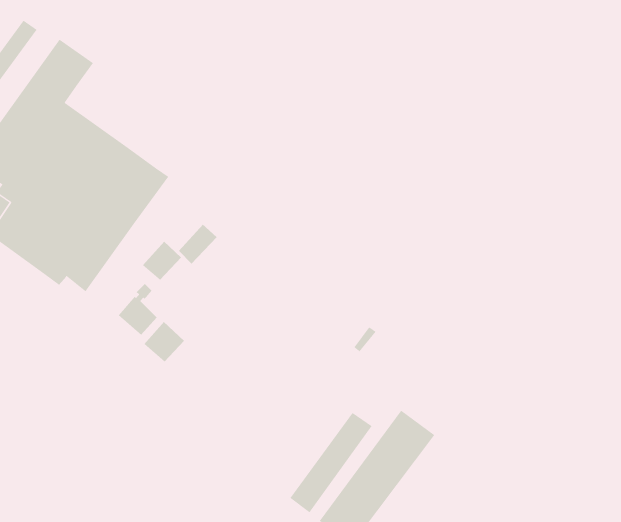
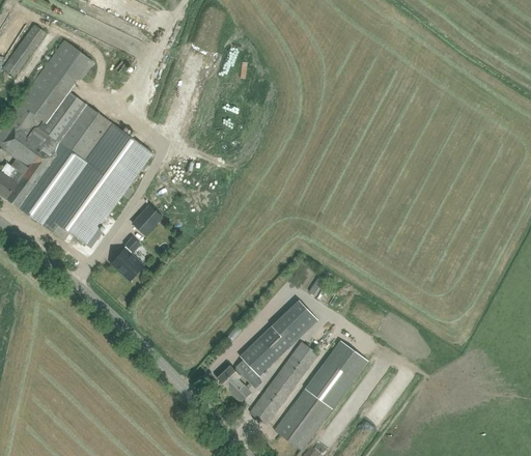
building: [178,224,217,265] -> none
building: [143,321,185,362] -> none
building: none -> [217,300,317,402]

